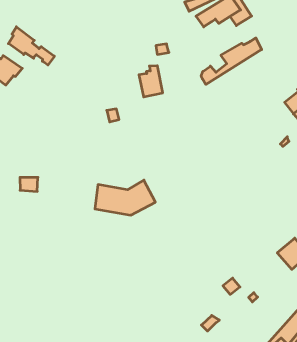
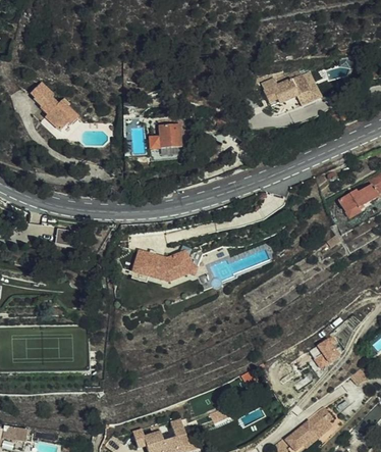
building: [8,27,54,65] -> none
building: [201,38,262,84] -> none
building: [139,66,163,97] -> [159,117,180,148]

